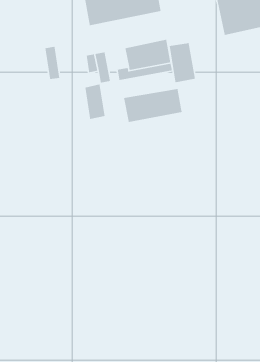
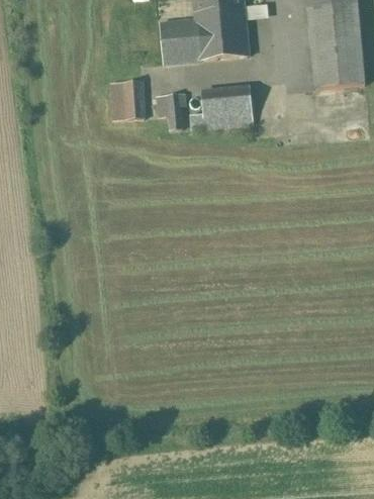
building: [169,42,196,83] -> none
building: [84,84,105,120] -> [123,79,144,118]
building: [123,88,183,123] -> none

